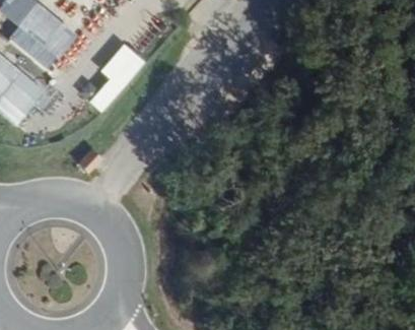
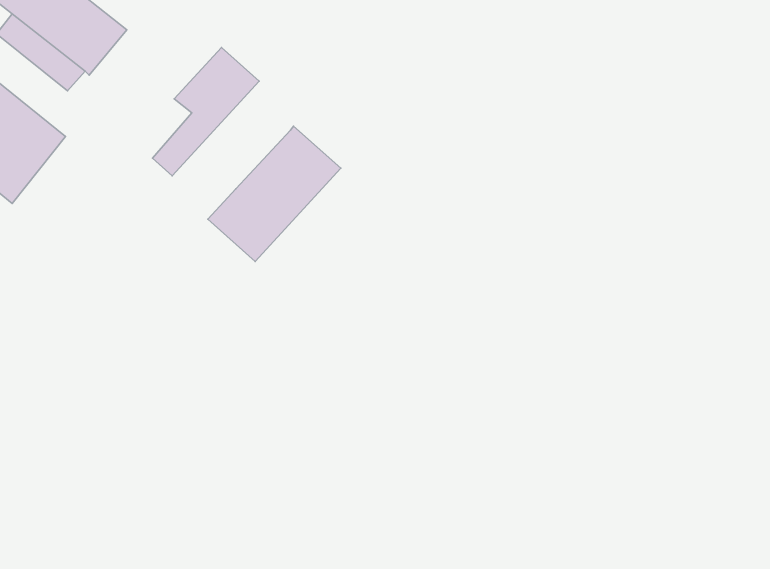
building: none -> [208,126,341,261]

